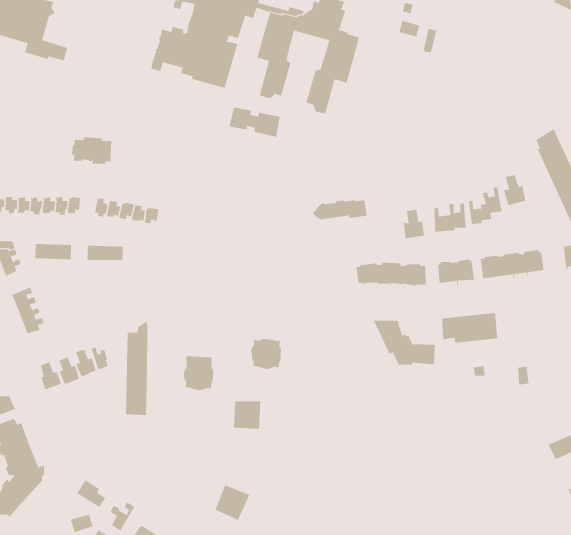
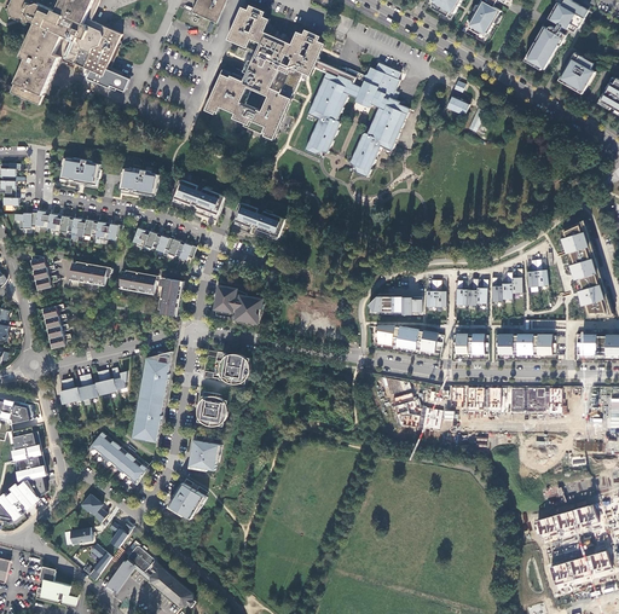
building: [229,107,280,137] -> [232,203,283,238]
building: none -> [59,157,99,185]
building: none -> [172,179,222,214]
building: [311,200,367,220] -> [368,296,421,314]
building: none -> [160,278,183,315]
building: none -> [214,285,262,323]
building: none -> [510,388,561,415]
building: [250,338,282,369] -> [219,352,249,382]
building: [233,401,261,429] -> [189,440,219,470]
building: none -> [86,431,145,483]
building: [214,484,250,521] -> [168,482,204,519]

